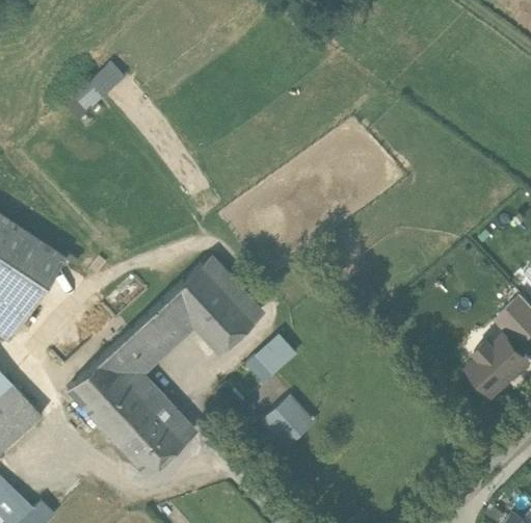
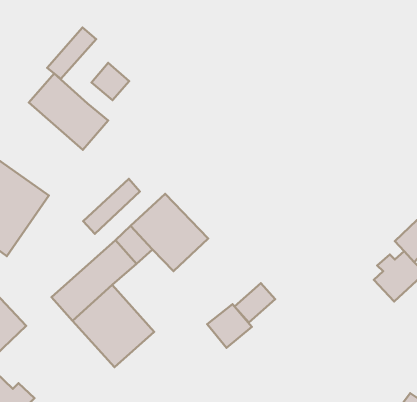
building: none -> [91,63,129,100]
building: none -> [29,73,108,150]
building: none -> [83,179,140,234]
building: [245,336,295,385] -> [235,283,275,323]

